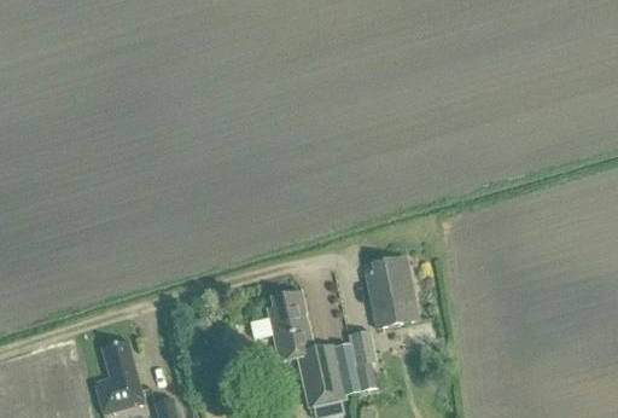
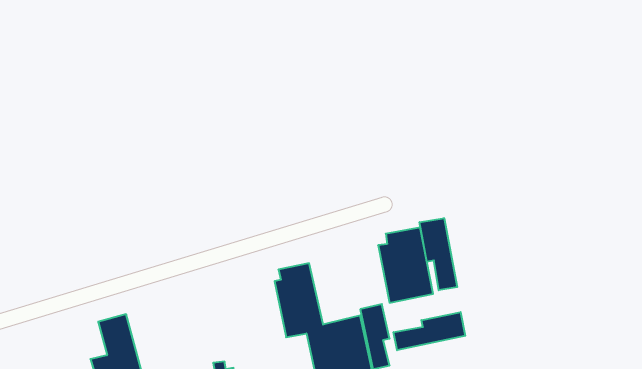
building: none -> [420,218,457,290]
building: none -> [394,312,465,350]

